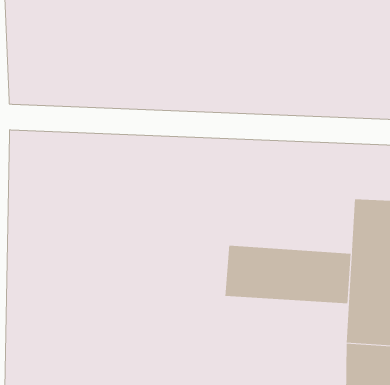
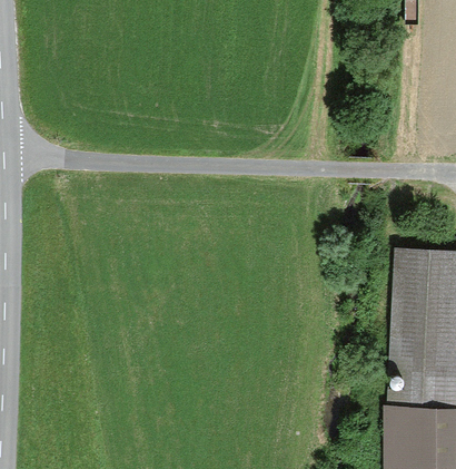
building: [225,245,351,304] -> none

